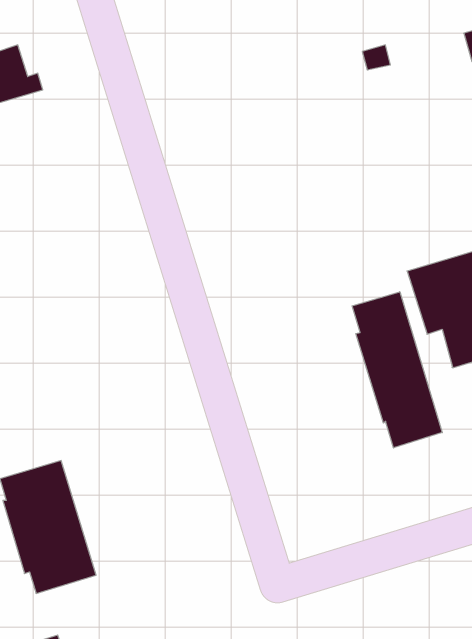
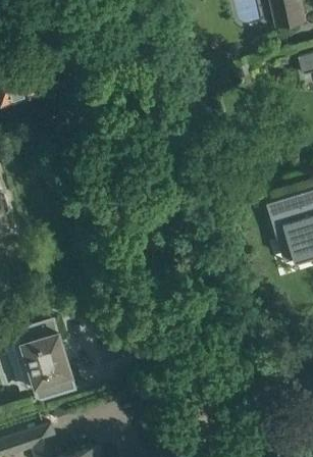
building: [352,292,442,448] -> none

